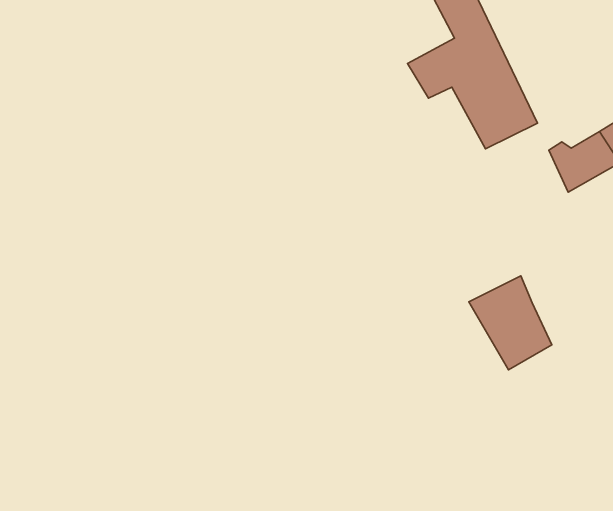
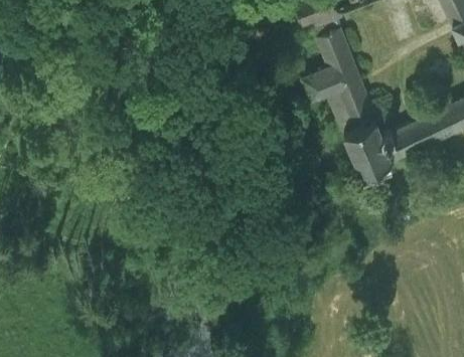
building: [469,276,552,370] -> [342,122,388,175]

